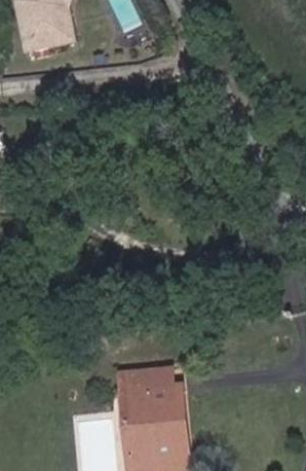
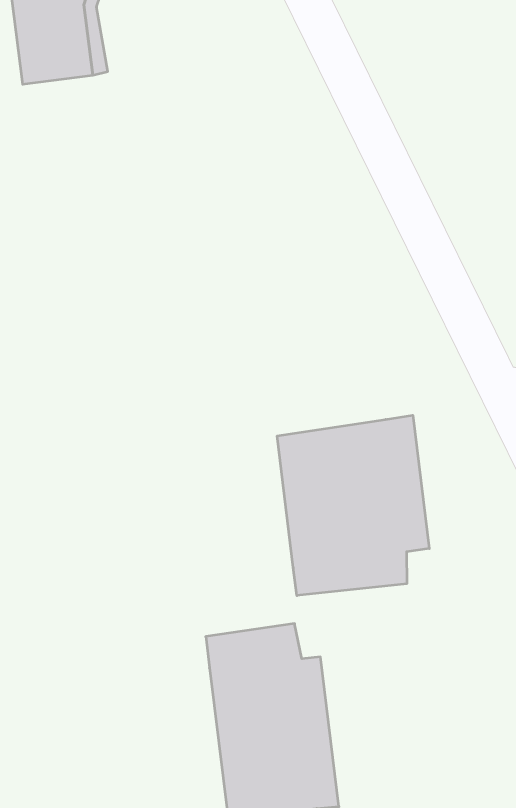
building: none -> [277,415,429,596]

